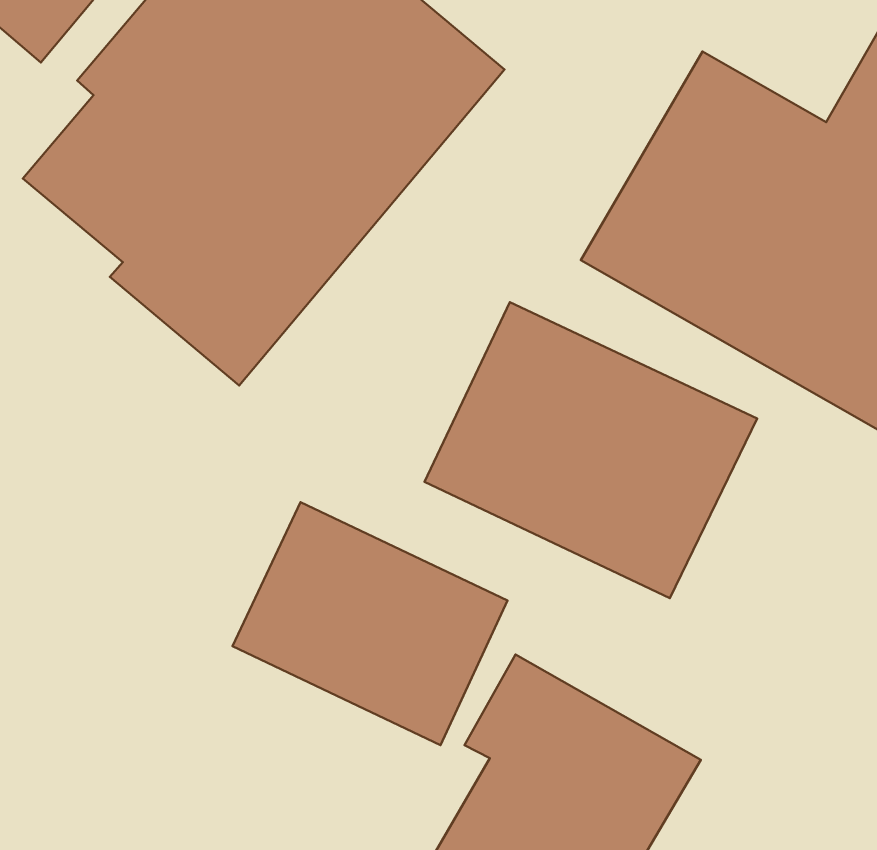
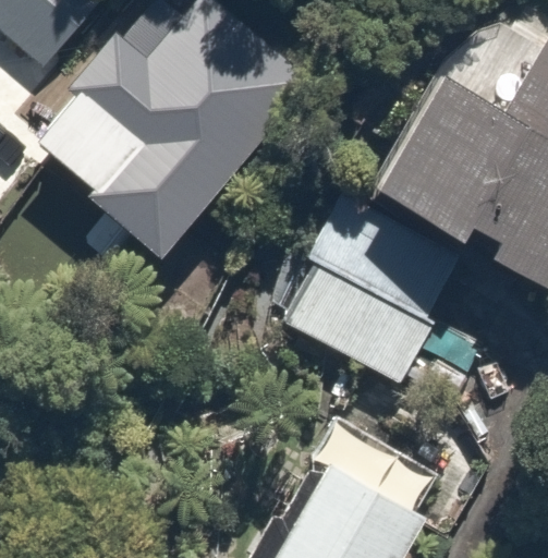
building: [232,502,508,745] -> none

